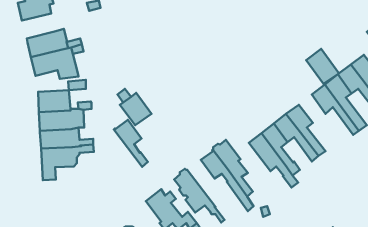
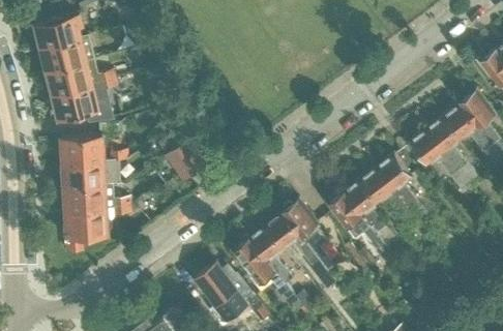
building: none -> [39,36,93,70]
building: [306,49,339,84] -> none
building: [114,120,148,167] -> [250,225,294,285]

